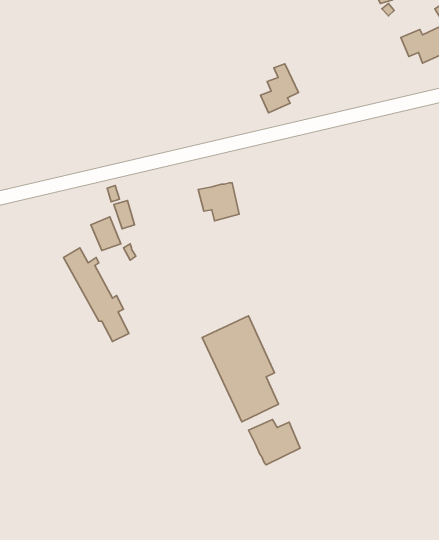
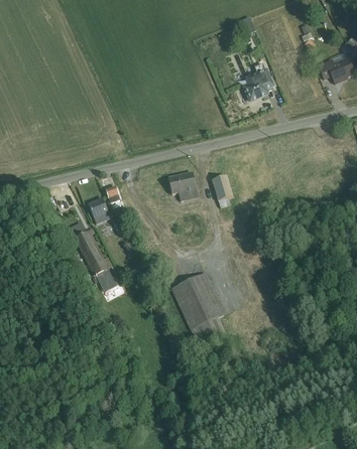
building: [260,64,298,113] -> [244,63,272,100]
building: none -> [212,175,232,207]
building: [249,419,300,465] -> none

